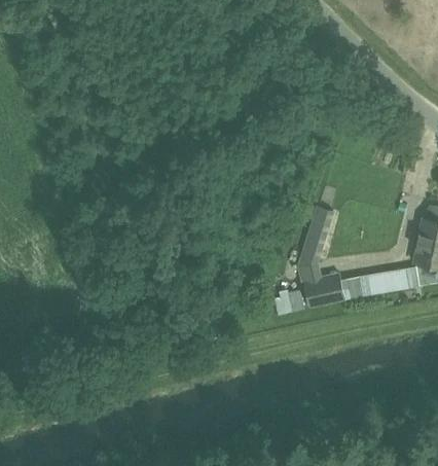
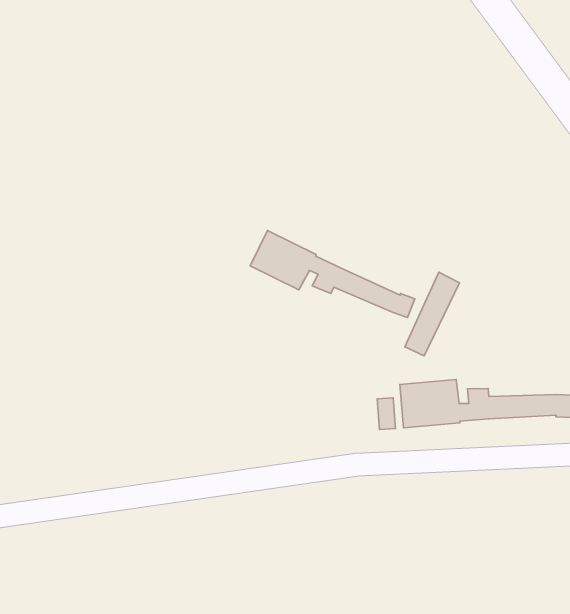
building: none -> [250,231,415,317]

